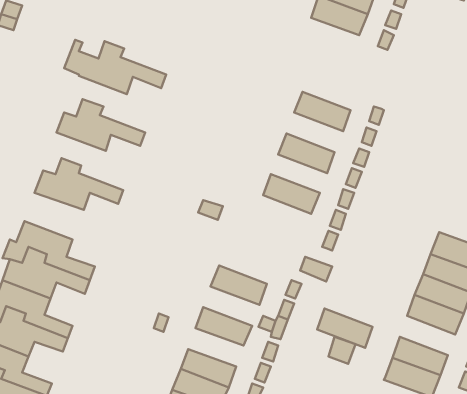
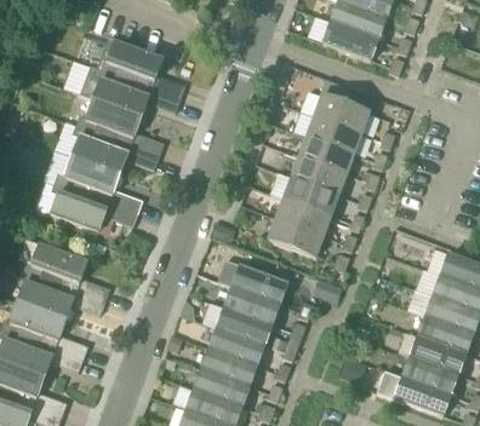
building: none -> [93,40,184,98]
building: none -> [314,79,368,133]
building: none -> [73,99,164,155]
building: none -> [298,136,354,174]
building: none -> [51,155,142,212]
building: none -> [282,177,338,214]
building: none -> [267,217,322,257]
building: none -> [232,264,287,304]
building: none -> [216,306,272,345]
building: [317,308,372,348] -> [410,335,464,374]
building: none -> [201,347,256,385]

